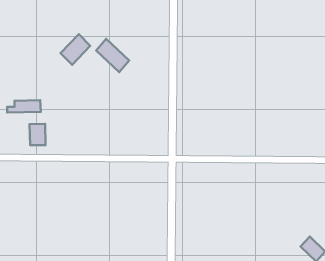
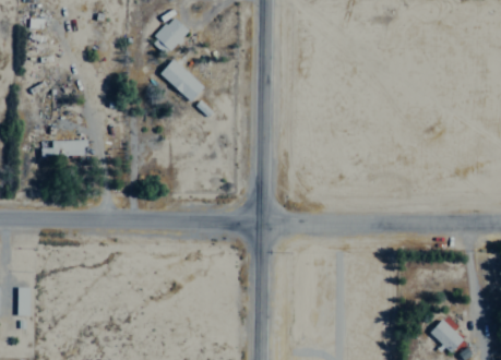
building: [61,34,90,65] -> [151,16,190,57]
building: [30,124,46,145] -> none

